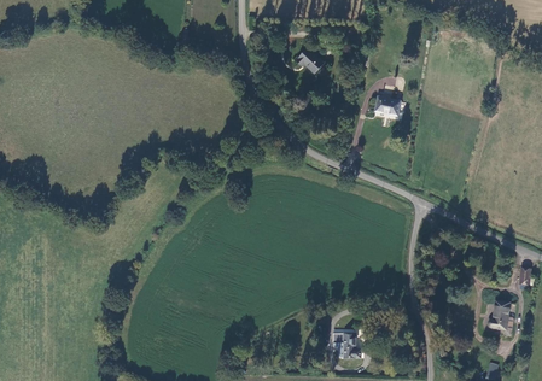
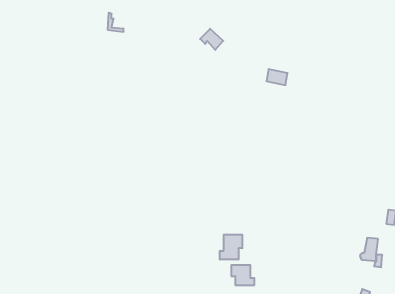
building: none -> [220,235,242,260]

